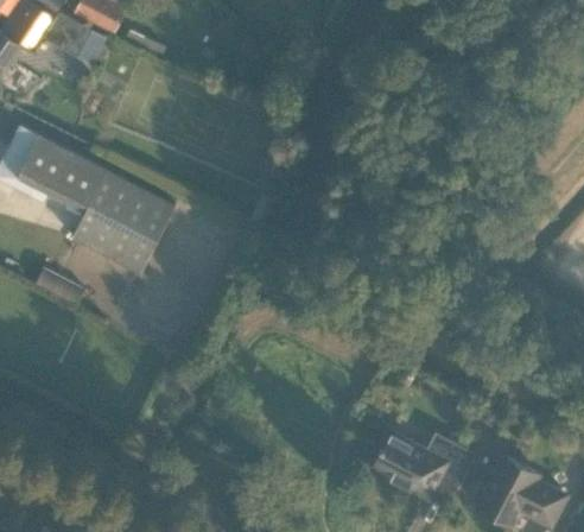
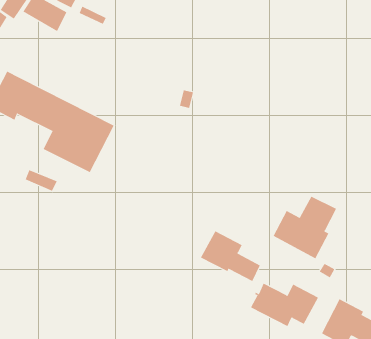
building: none -> [273,196,337,259]
building: none -> [200,231,261,282]

